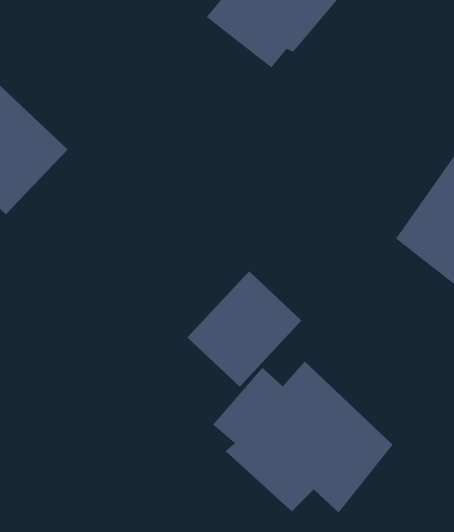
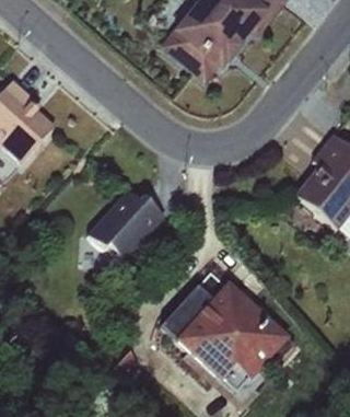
building: [187,270,302,388] -> [83,187,164,269]

